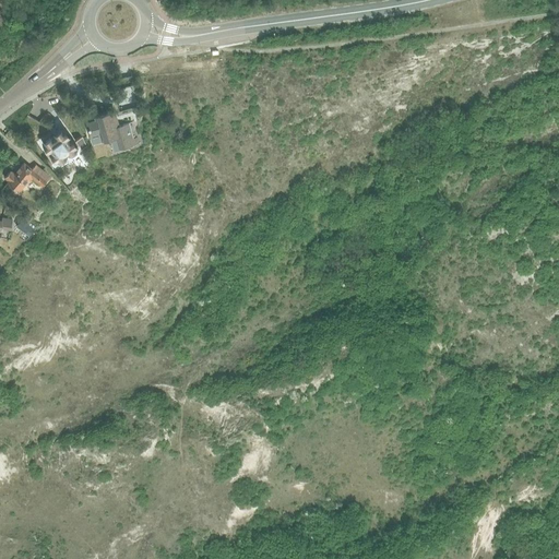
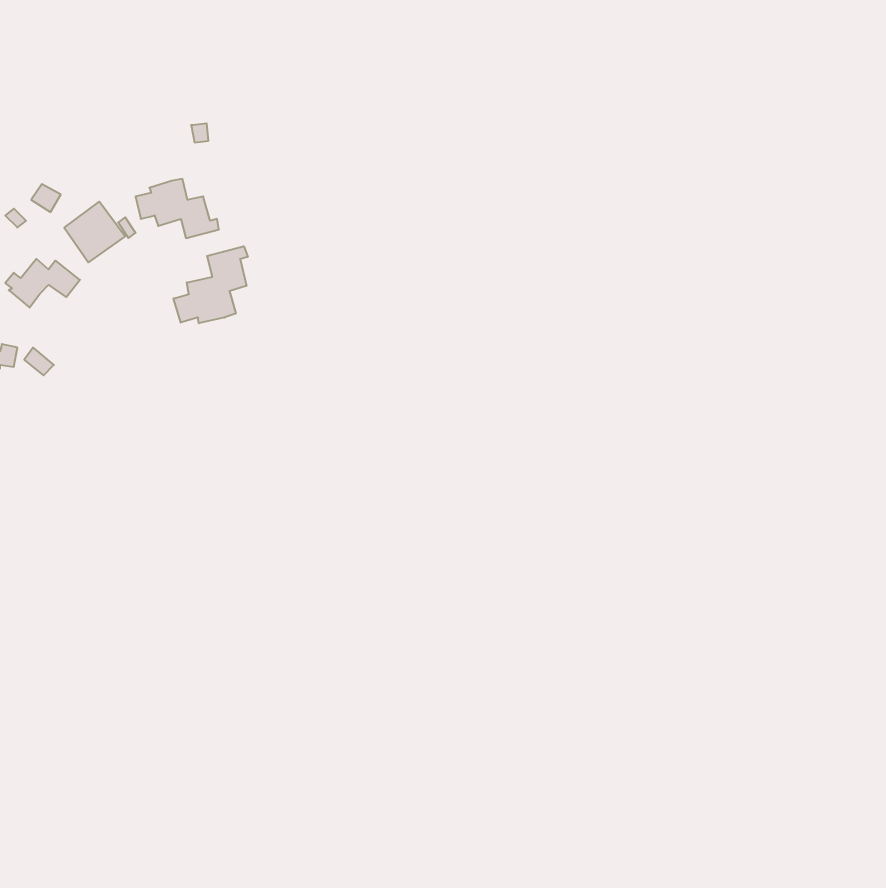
building: none -> [174,246,248,323]

